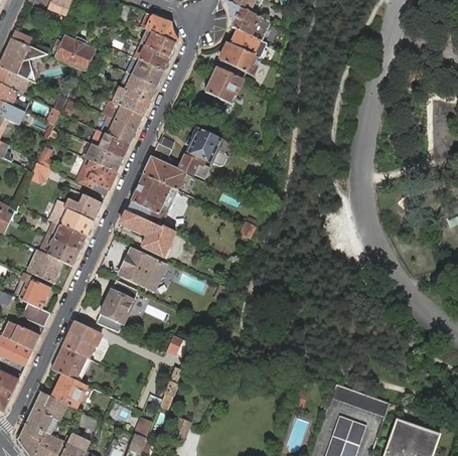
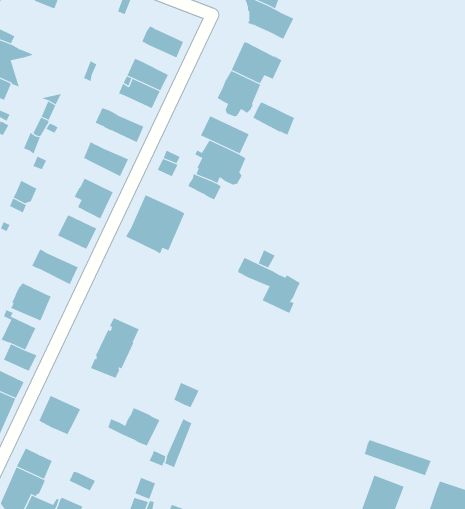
building: [140,13,178,43] -> none
building: [230,29,266,58] -> [253,102,295,136]
building: [52,37,94,71] -> none
building: [134,43,170,71] -> none
building: [112,88,149,116] -> none
building: [100,116,136,144] -> none
building: [83,143,122,172] -> none
building: [143,157,185,190] -> [200,115,250,154]
building: [48,200,93,237] -> none
building: [120,210,174,259] -> [237,257,300,313]
building: [46,238,79,266] -> none
building: [118,249,166,291] -> none
building: [61,321,101,358] -> none
building: [40,374,86,408] -> [107,407,160,446]

